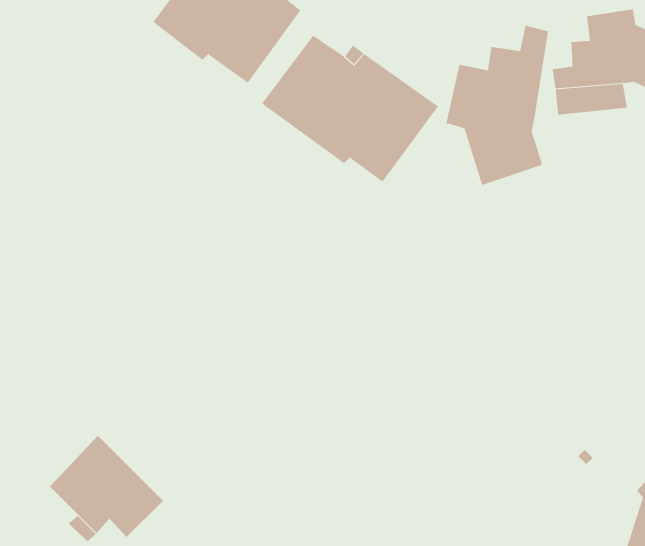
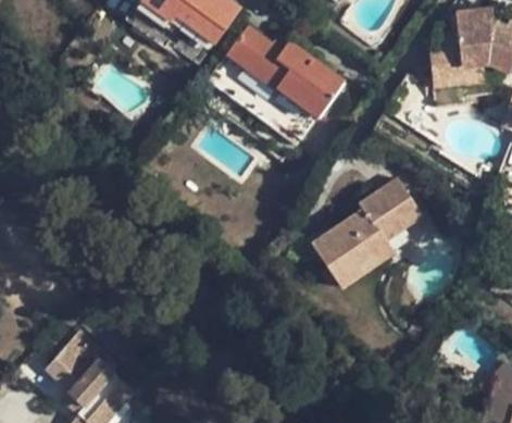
building: [446,25,548,186] -> none
building: none -> [313,177,424,285]

